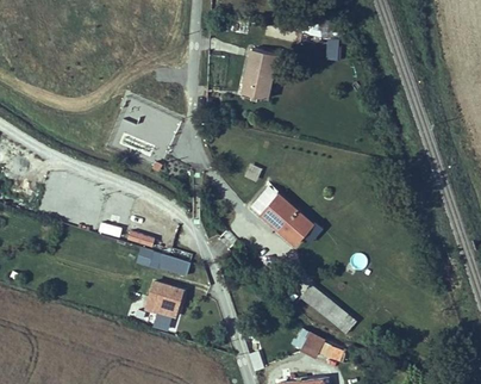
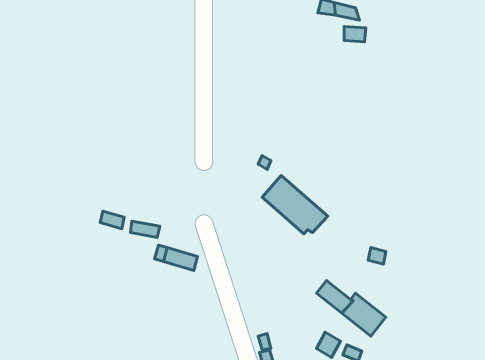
building: [242,49,276,99] -> none
building: [144,281,183,316] -> none

